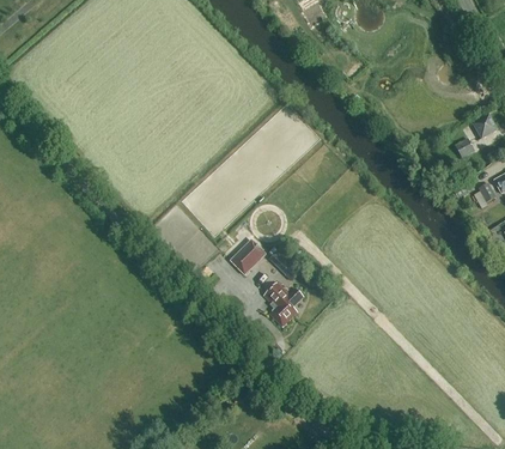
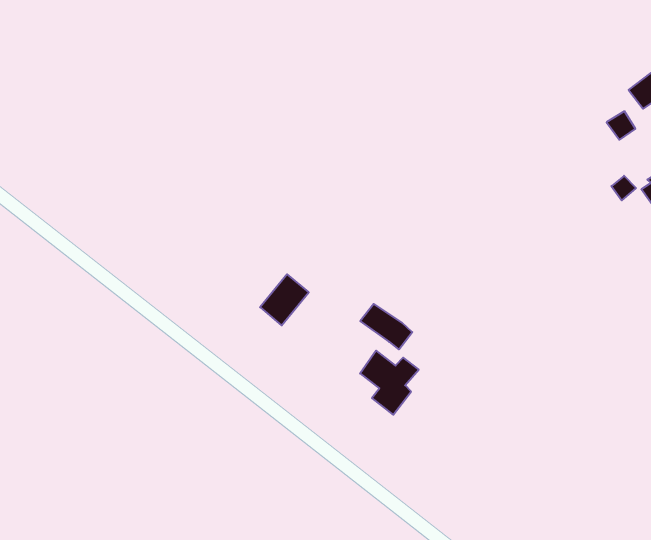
building: [231,241,266,275] -> [260,274,309,325]

